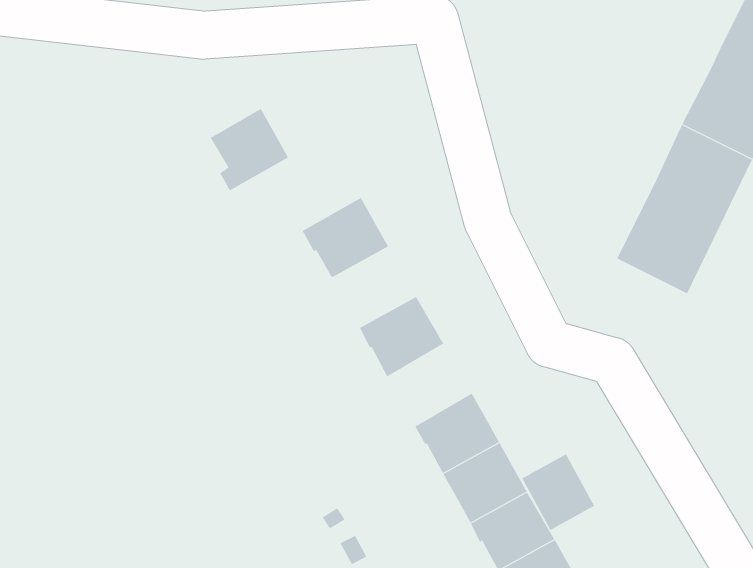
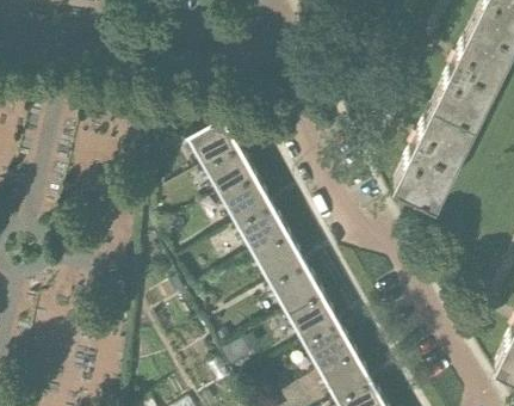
building: [210,108,289,191] -> [193,121,241,171]
building: none -> [223,180,274,229]
building: none -> [256,239,308,289]
building: [521,454,595,531] -> none

